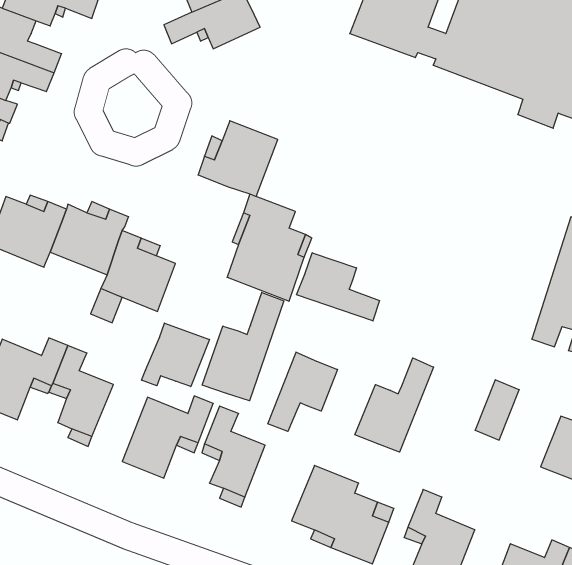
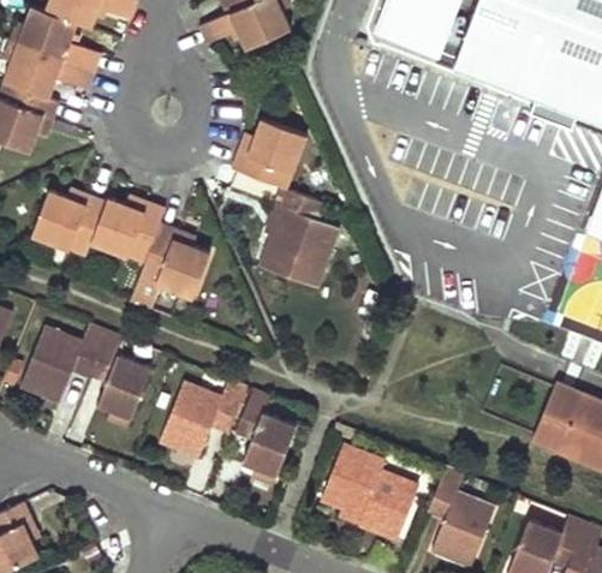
building: [297,253,379,321] -> none
building: [202,292,284,401] -> none
building: [142,323,209,387] -> none
building: [268,352,337,431] -> none
building: [355,358,434,452] -> none
building: [475,380,519,440] -> [535,389,577,447]

